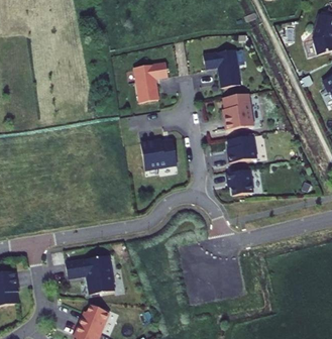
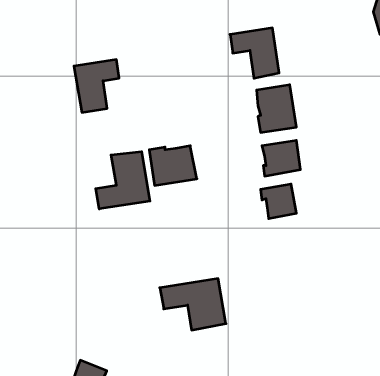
building: [132,63,167,103] -> [74,60,119,112]
building: none -> [96,152,150,209]
building: [65,255,115,295] -> [160,279,226,330]

